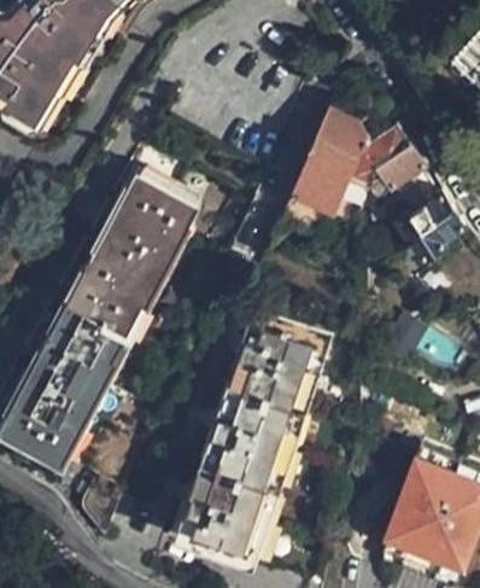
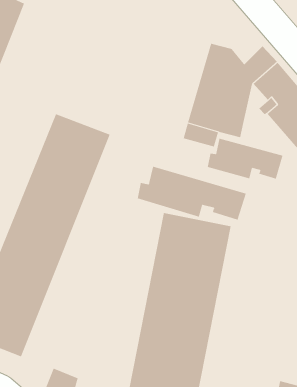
building: none -> [207,138,283,179]
building: none -> [137,166,247,221]

